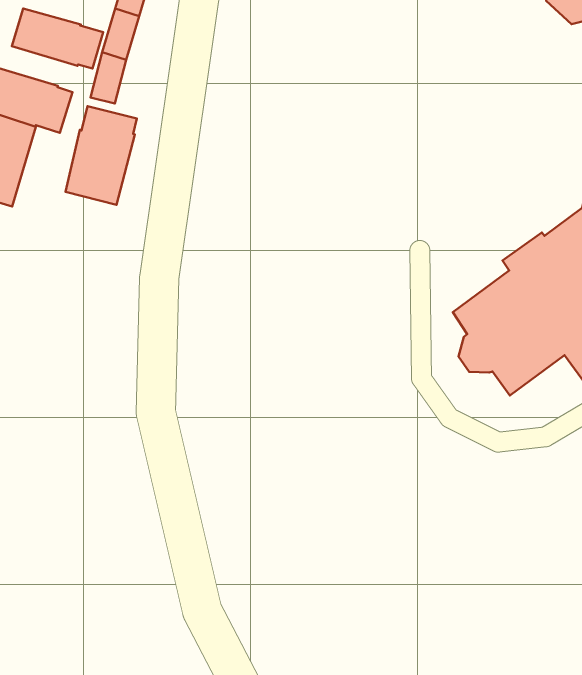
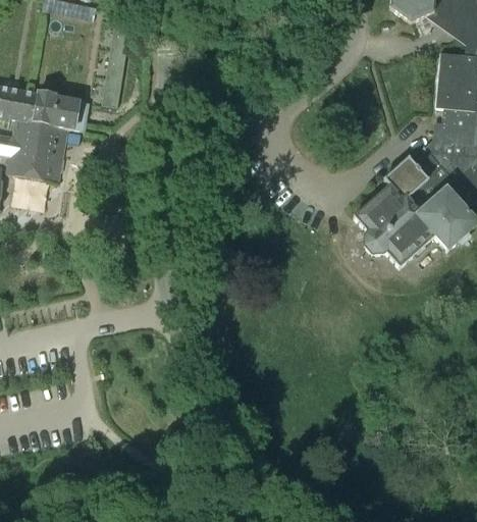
building: [12,8,103,69] -> none
building: [66,106,137,205] -> none

